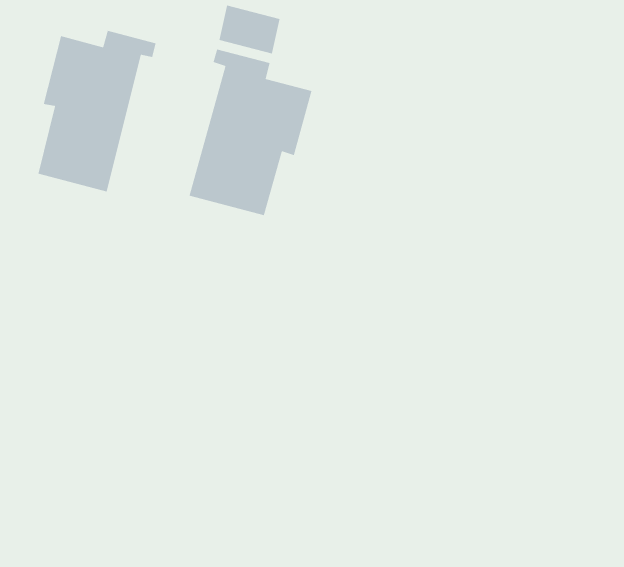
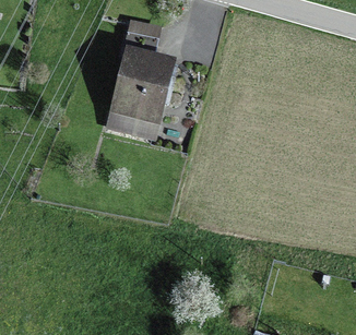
building: [38,30,156,192] -> none

